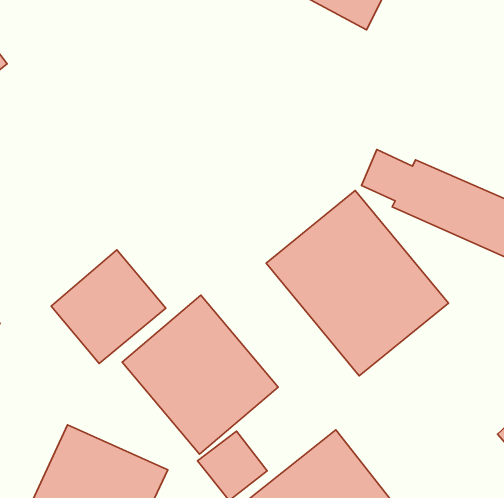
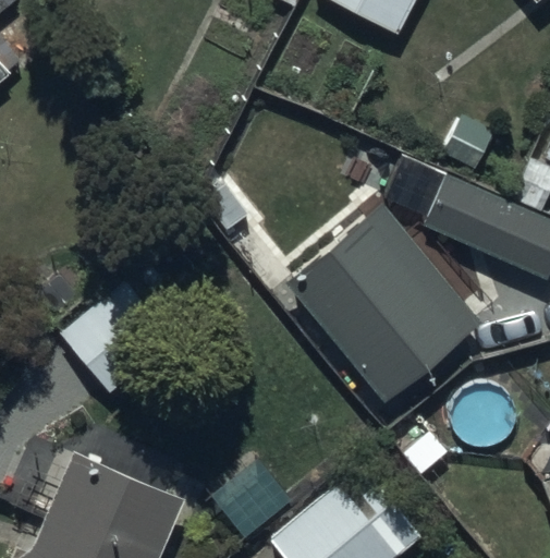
building: [122,295,278,454] -> none

